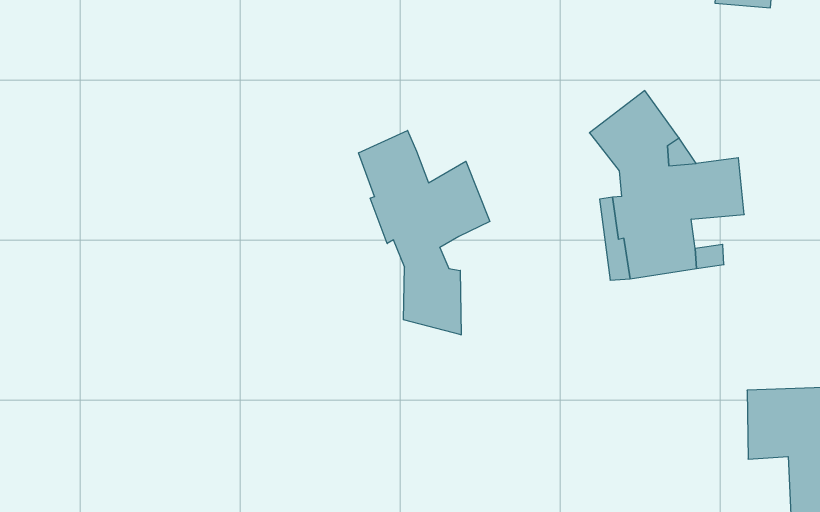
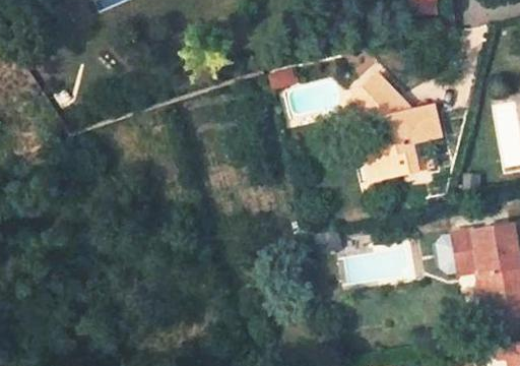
building: [359,130,490,335] -> none

